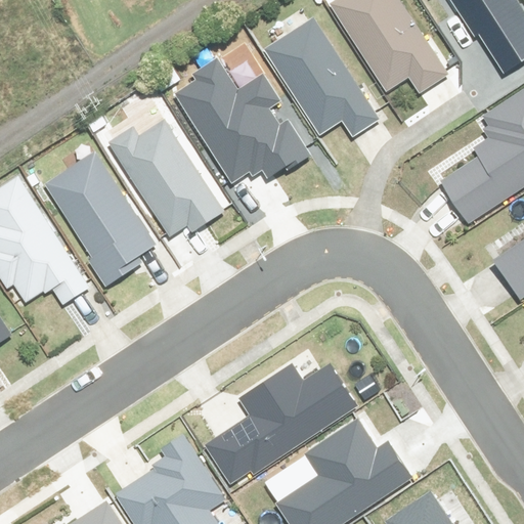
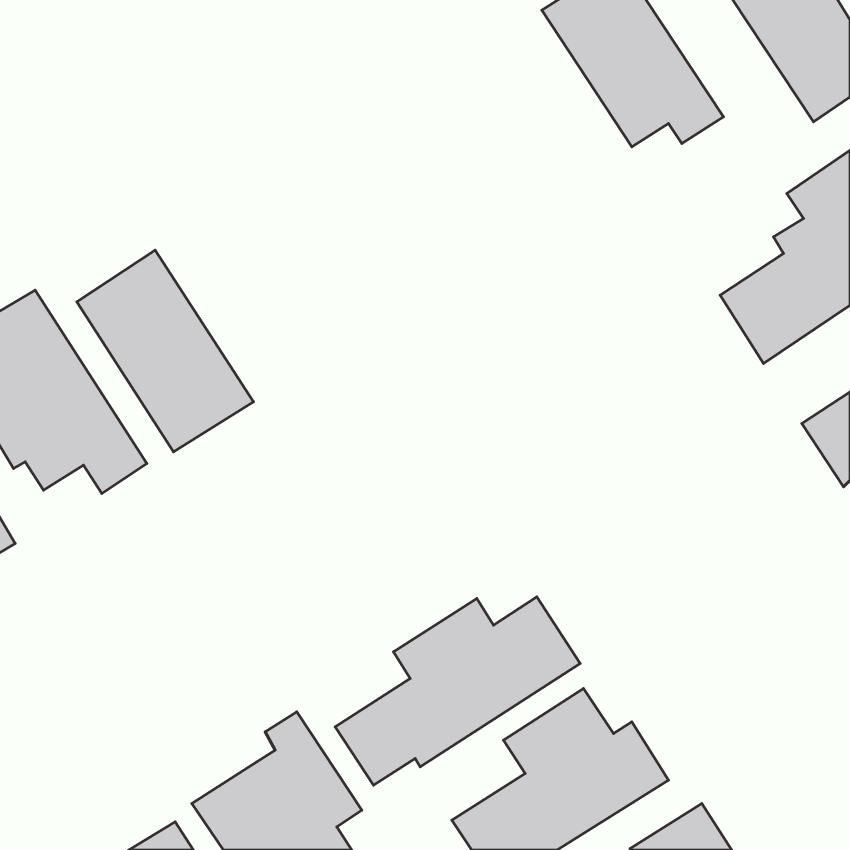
building: [266,20,377,135] -> none
building: [177,64,312,181] -> none
building: [112,124,219,233] -> none

